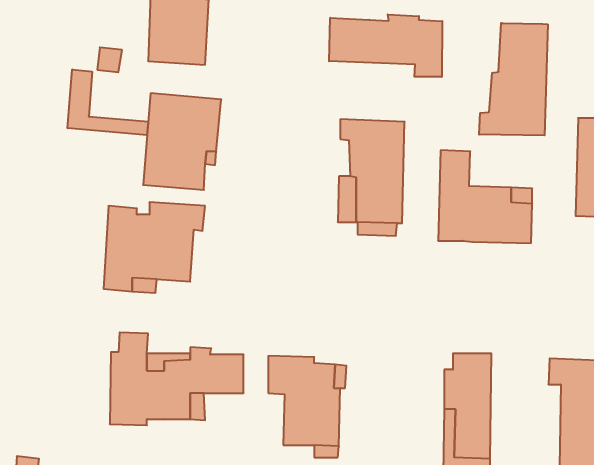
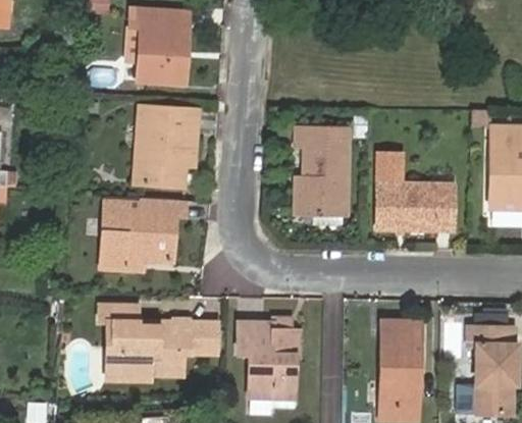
building: [329,14,442,77] -> none
building: [479,23,548,135] -> none
building: [68,69,148,135] -> none

